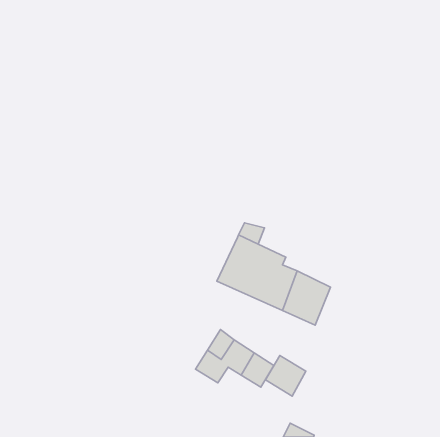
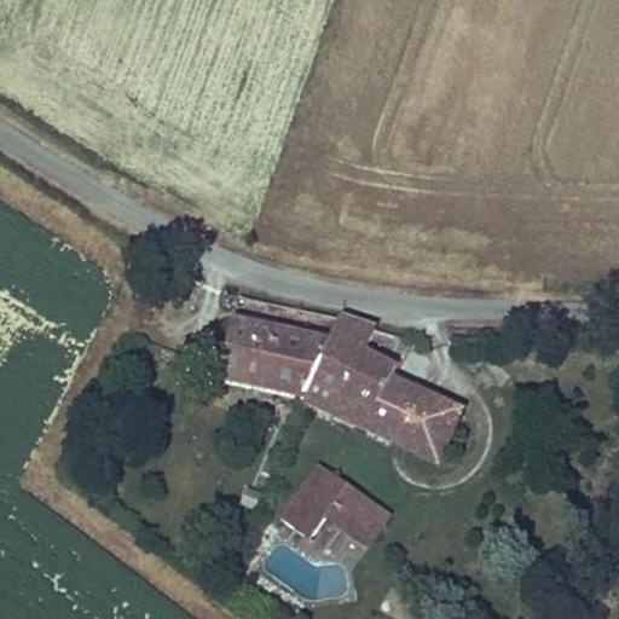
building: none -> [222,316,334,395]
building: [265,356,306,396] -> none

